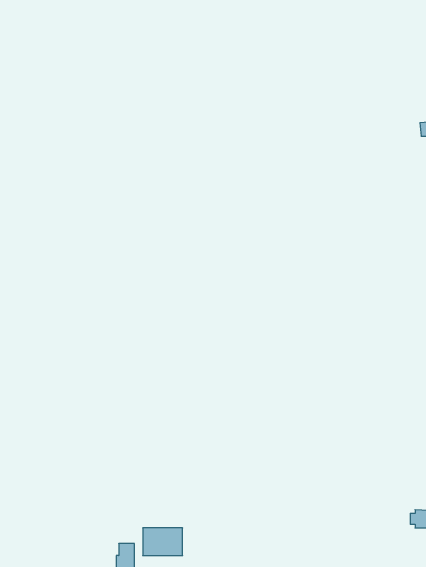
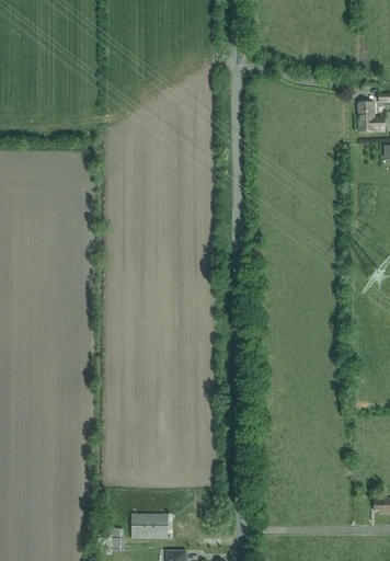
building: none -> [358,101,383,130]

